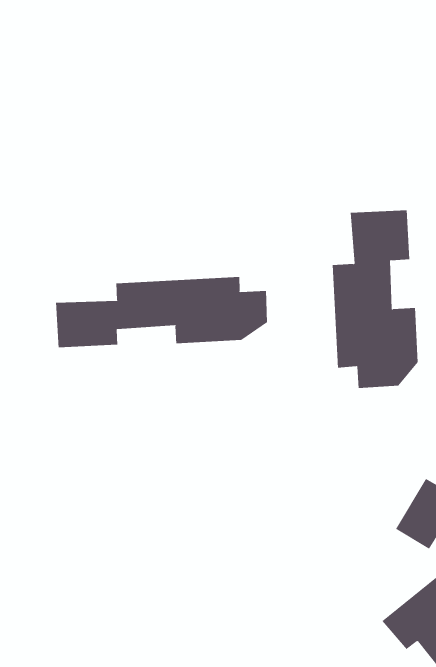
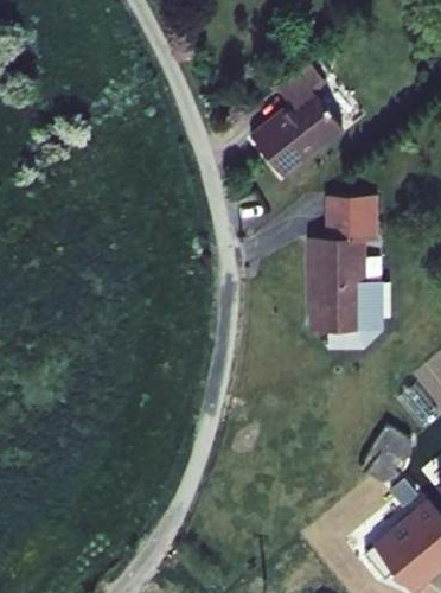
building: none -> [245,65,337,177]
building: [55,276,268,348] -> none

